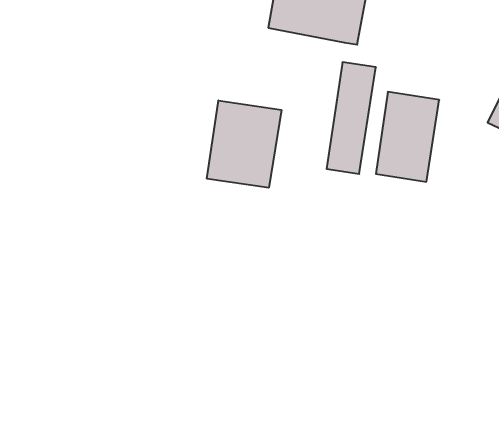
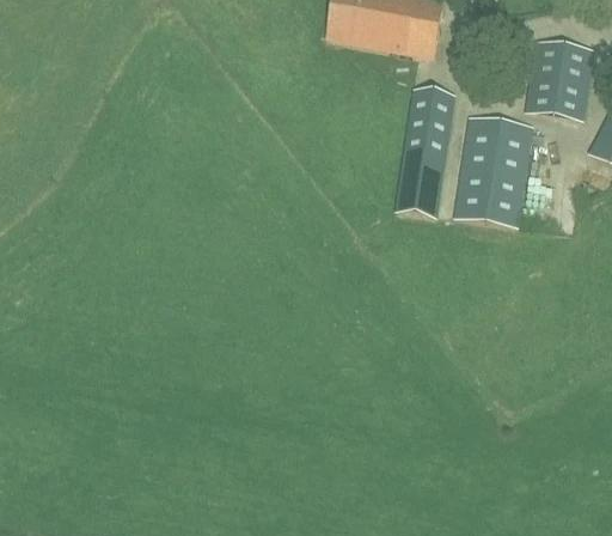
building: none -> [528,39,593,117]
building: [207,100,281,188] -> none

